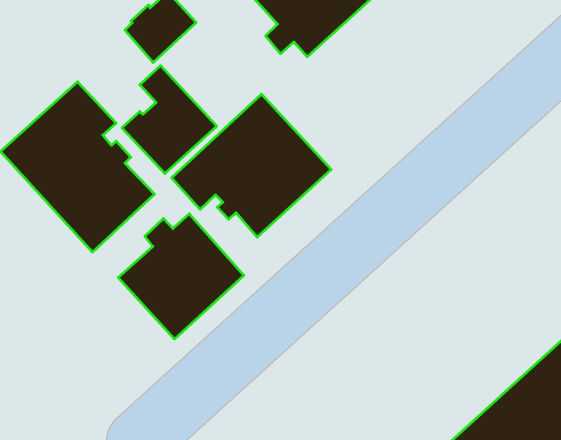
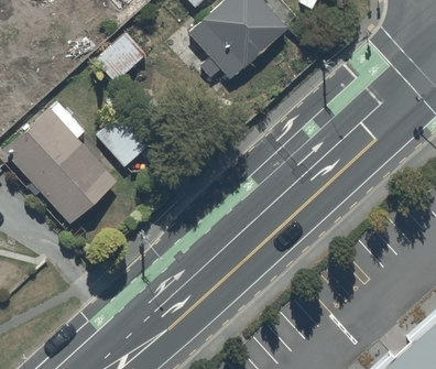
building: [172,94,331,237] -> none
building: [118,214,244,339] -> none

